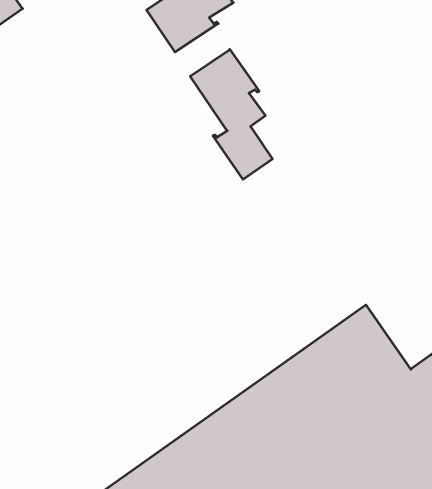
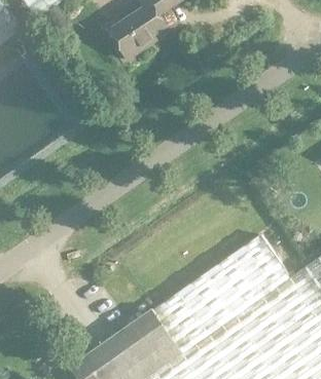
building: [190,49,272,179] -> none

